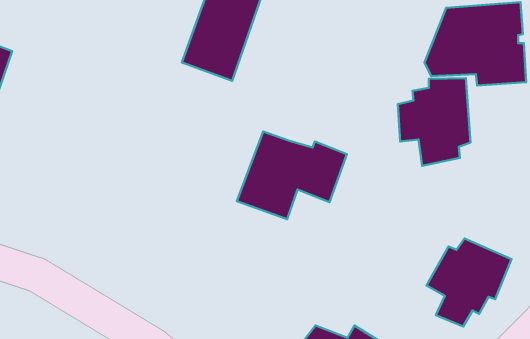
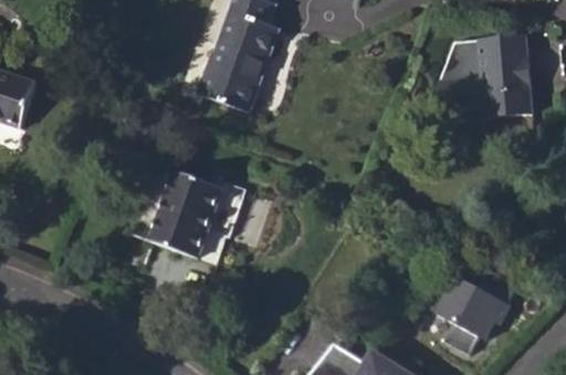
building: [398,78,470,166] -> none
building: [237,131,347,219] -> [148,170,254,256]

